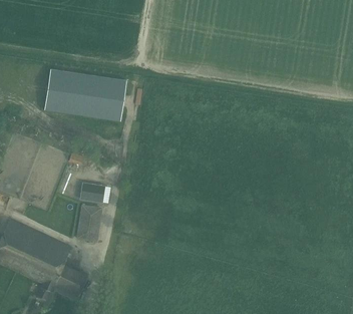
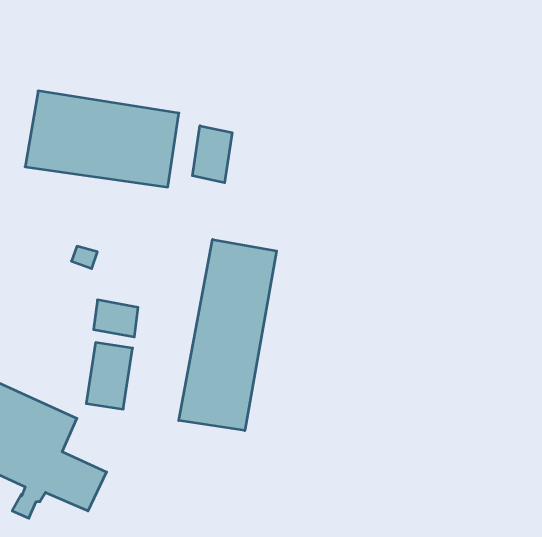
building: none -> [192,126,232,183]
building: none -> [179,239,277,431]

